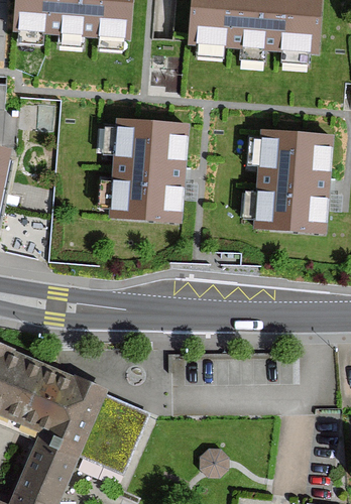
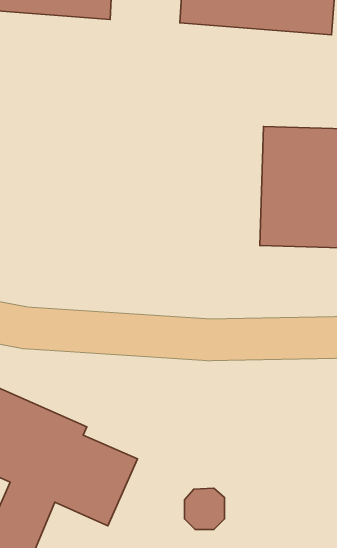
building: [110,118,184,225] -> none

